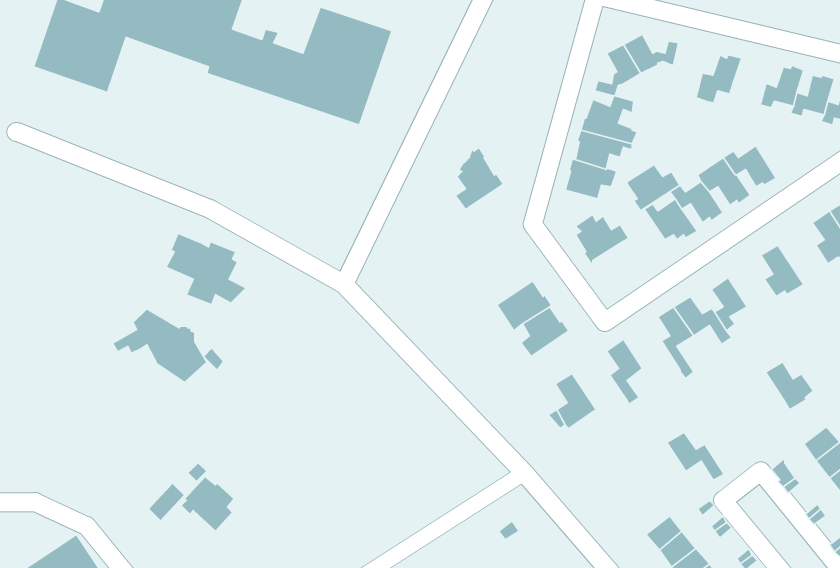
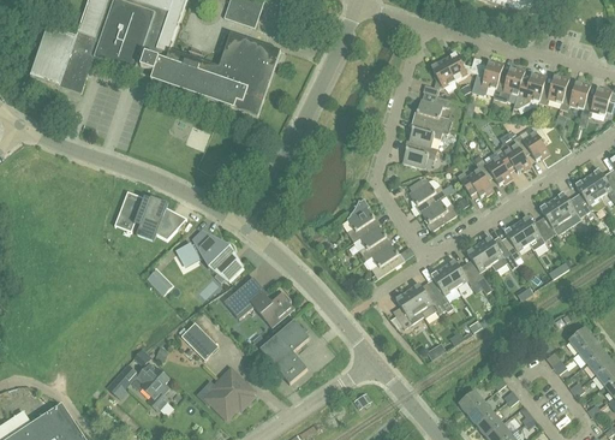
building: none -> [471,60,503,94]
building: none -> [513,72,545,108]
building: [455,148,503,209] -> [346,198,380,242]
building: [627,165,680,211] -> [420,198,458,231]
building: none -> [550,191,585,227]
building: [112,309,207,383] -> [177,228,243,280]
building: none -> [223,277,293,327]
building: none -> [406,281,444,317]
building: [766,362,814,410] -> [515,215,549,249]
building: none -> [259,320,309,383]
building: none -> [181,322,219,359]
building: [667,432,724,480] -> [442,258,482,292]
building: none -> [205,370,253,417]

